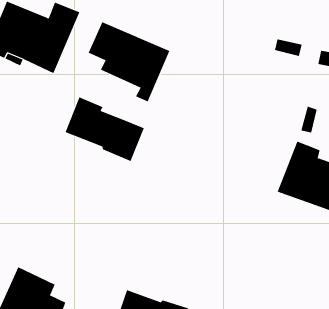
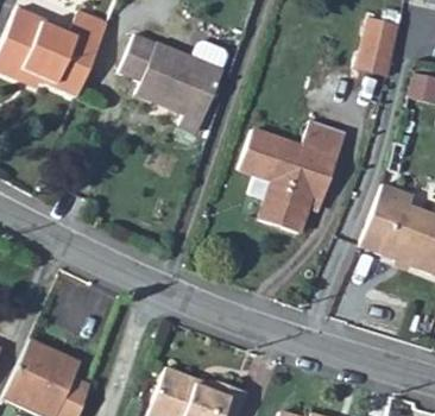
building: none -> [357,17,398,61]
building: none -> [238,120,346,235]
building: [65,96,145,162] -> none

